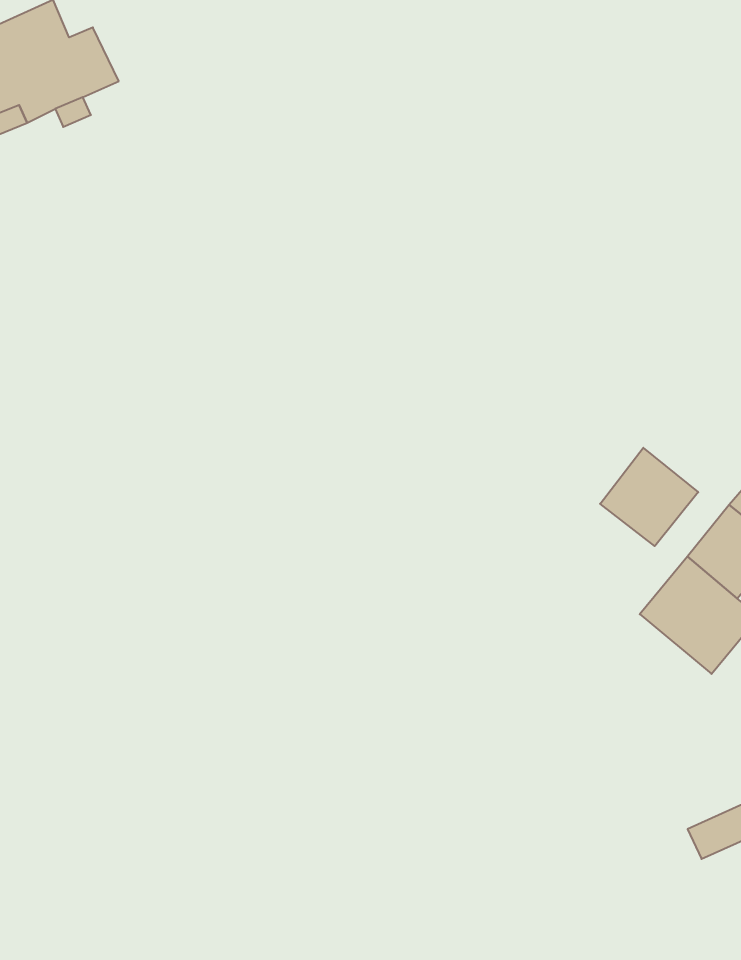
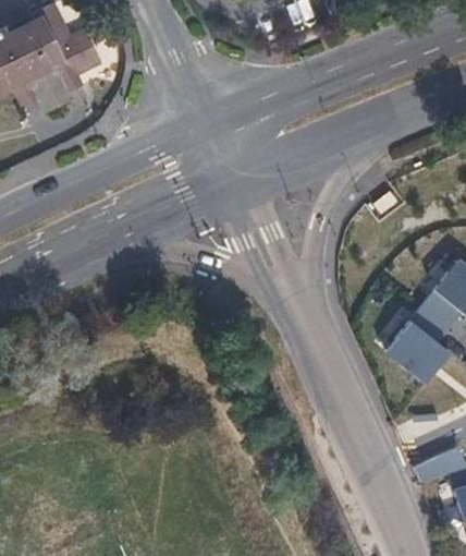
building: [600,448,698,546] -> none

